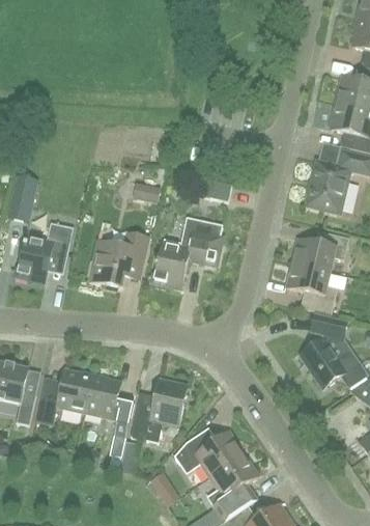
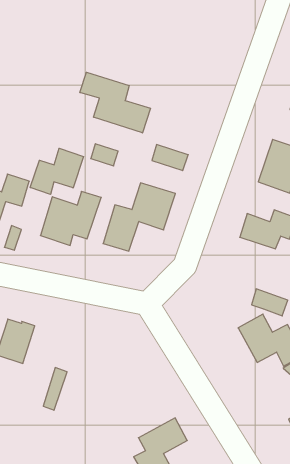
building: none -> [80,72,151,133]
building: none -> [30,148,84,194]
building: [286,262,337,314] -> none
building: [85,372,121,418] -> none
building: [131,379,188,442] -> none
building: [174,430,245,476] -> none

